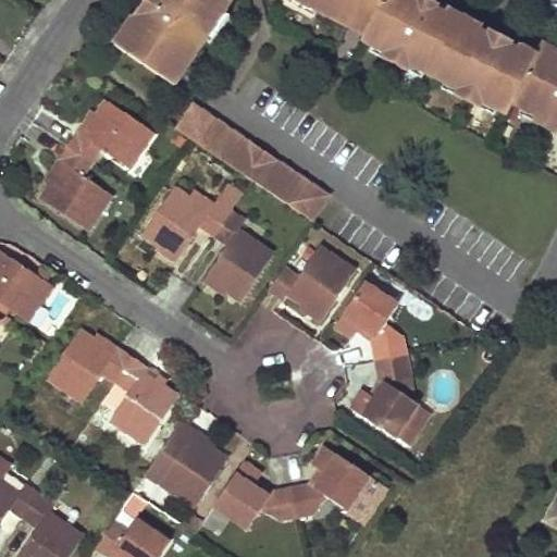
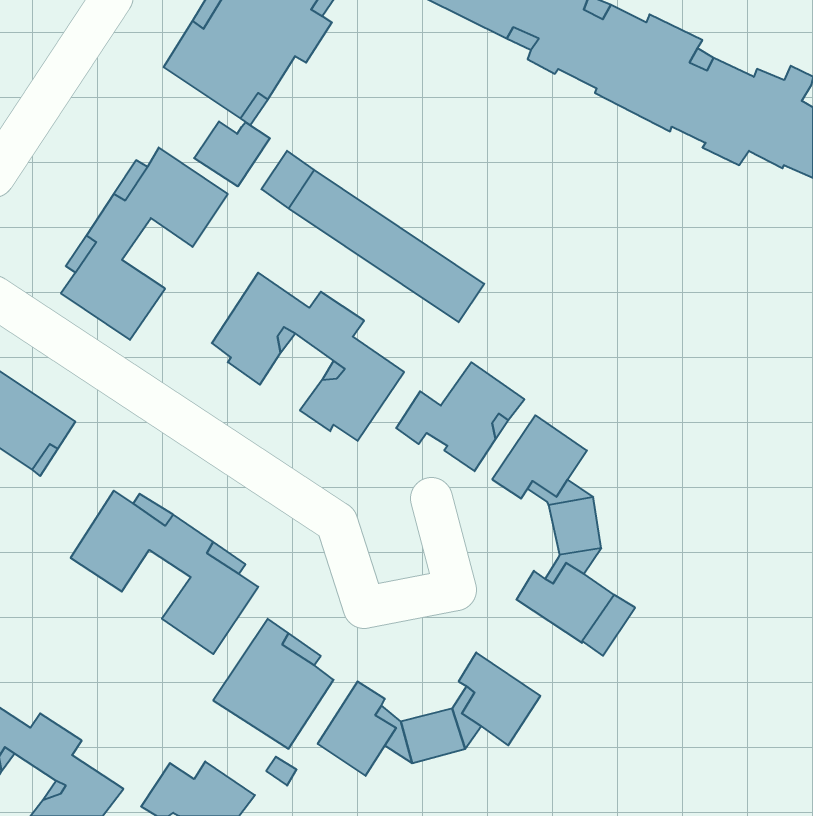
building: none -> [194,121,270,186]

